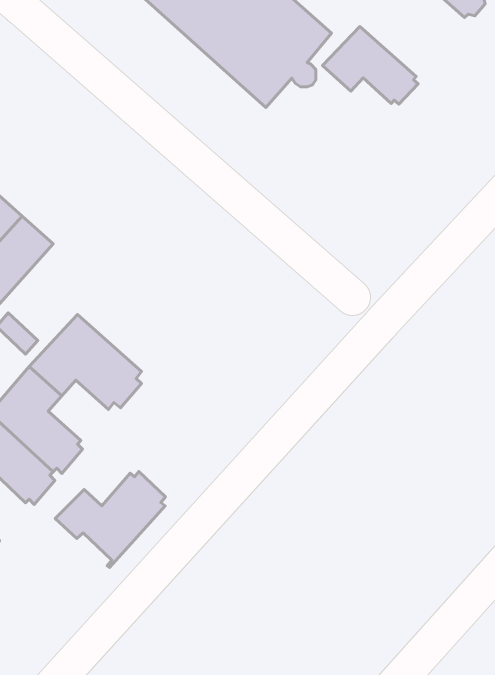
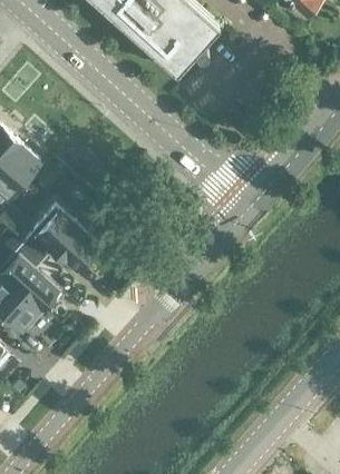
building: [323,27,418,104] -> none
building: [55,471,165,568] -> none

